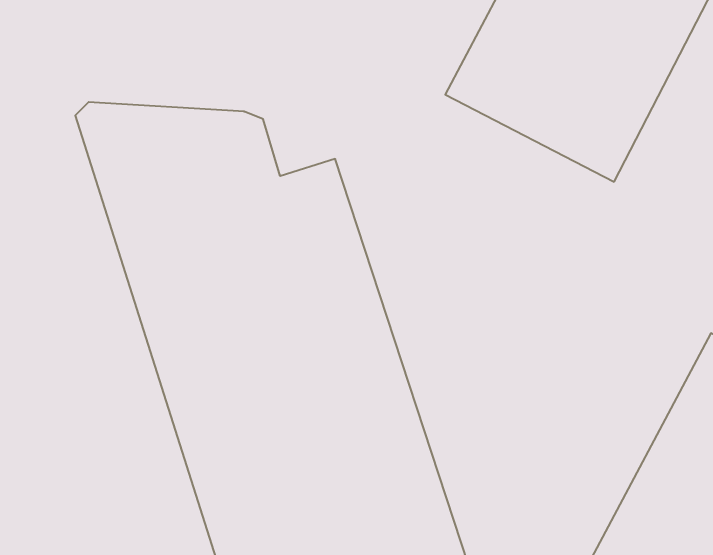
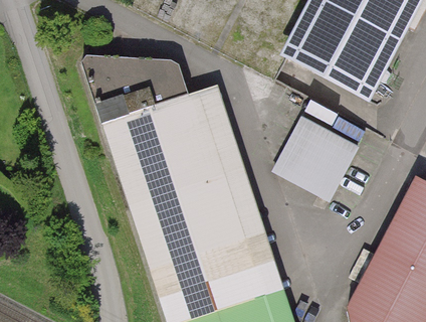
building: none -> [272,114,361,200]

